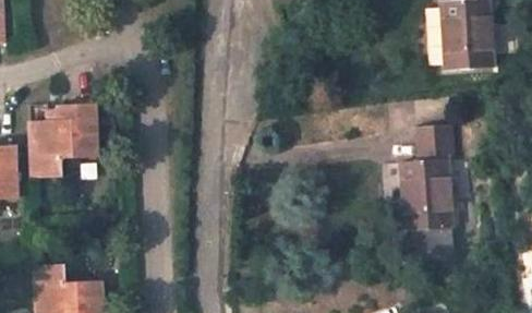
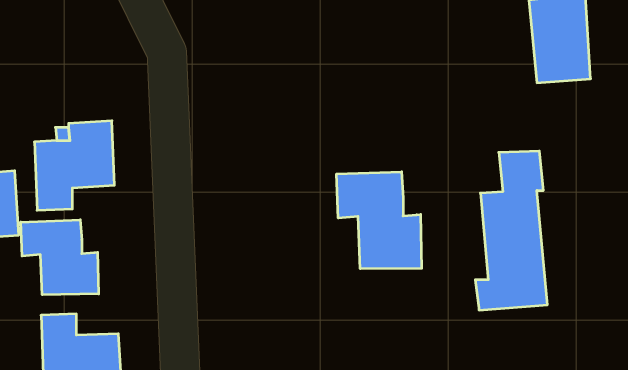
building: none -> [337,172,422,269]
building: none -> [21,220,99,295]

